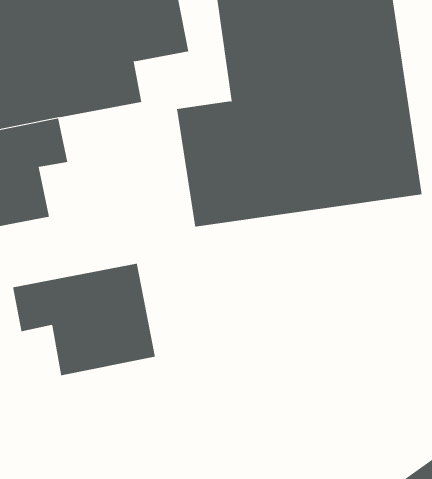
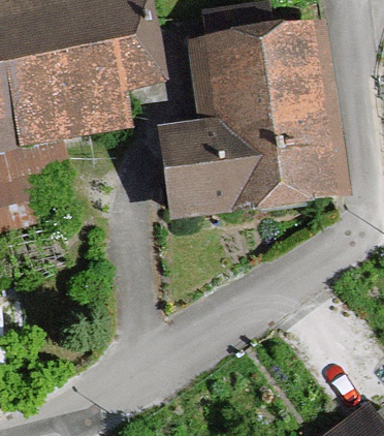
building: [13,263,156,376] -> none

